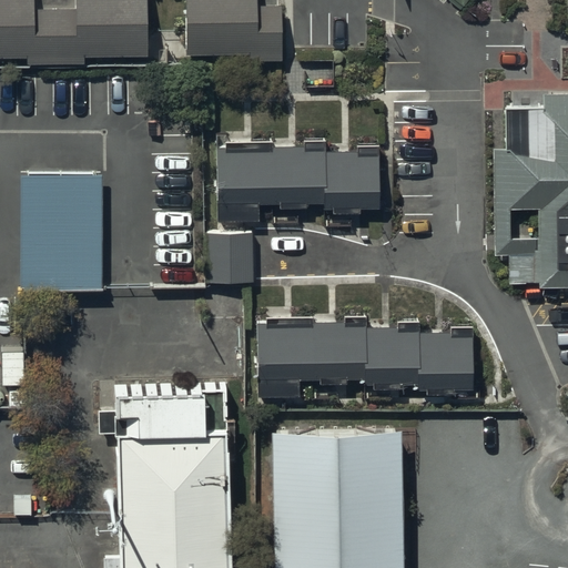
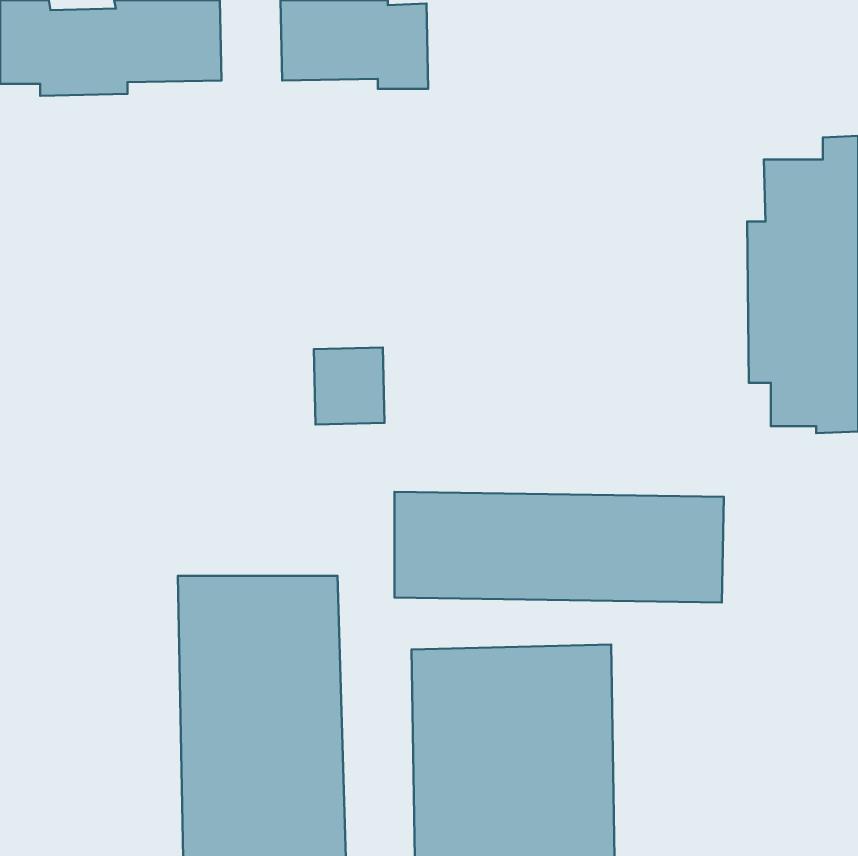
building: [217,140,381,220] -> none
building: [22,171,103,286] -> none

